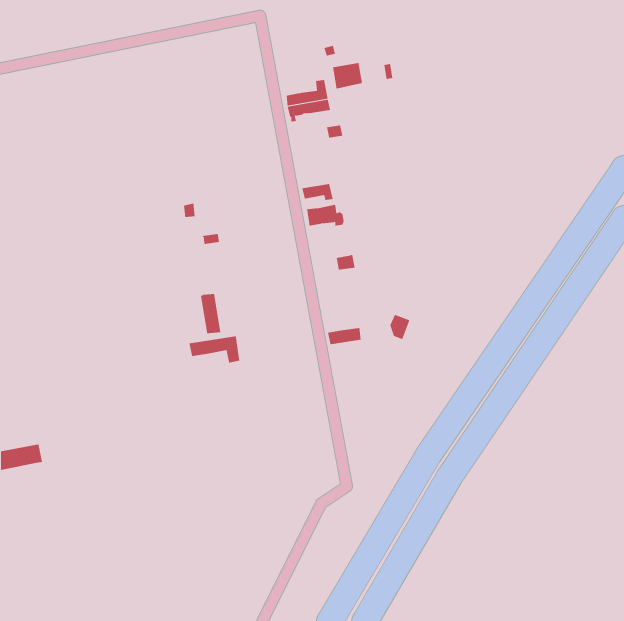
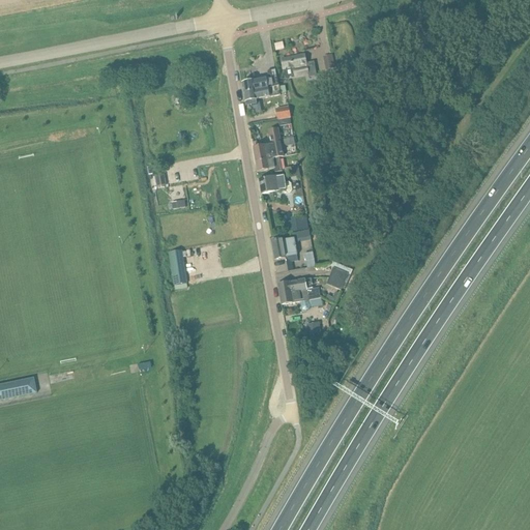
building: none -> [254,126,284,159]
building: none -> [271,228,311,257]
building: [189,336,240,363] -> none
building: none -> [279,286,321,308]

